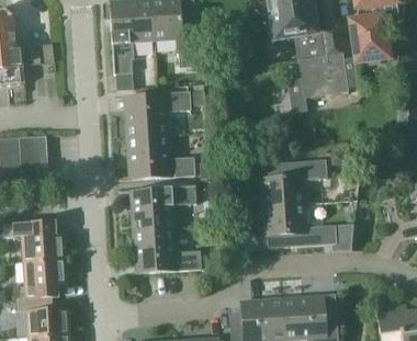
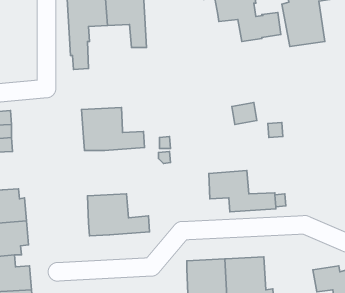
building: [285,52,348,113] -> none
building: [122,92,190,134] -> none
building: [261,158,325,204] -> none
building: [127,183,195,228] -> none

